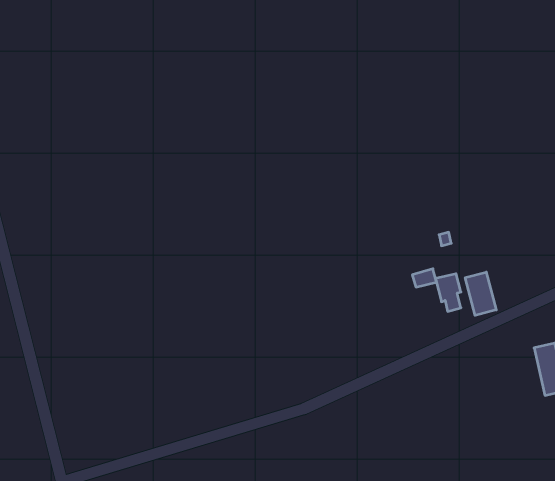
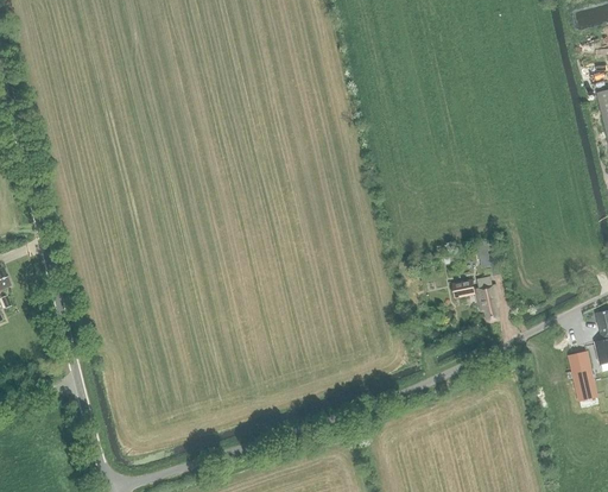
building: [465,272,496,315] -> none

